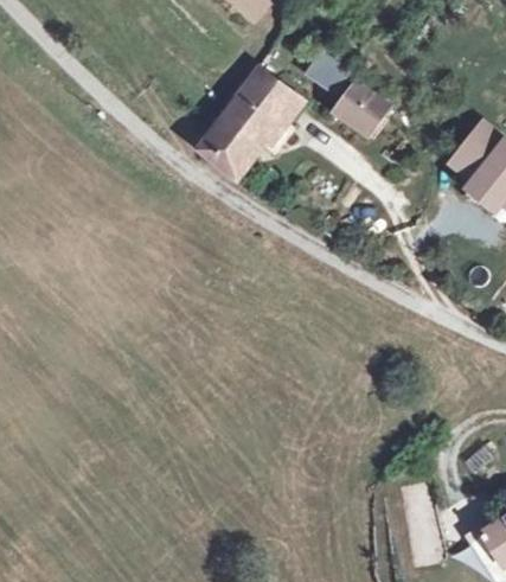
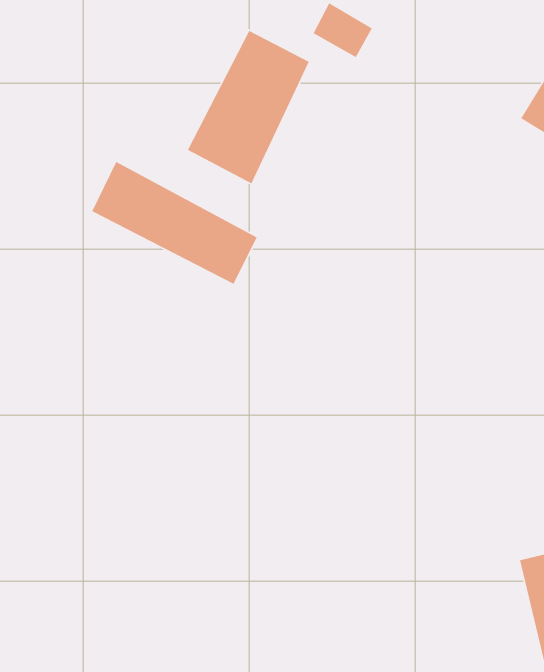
building: [334,85,391,143] -> none
building: none -> [91,161,258,285]

